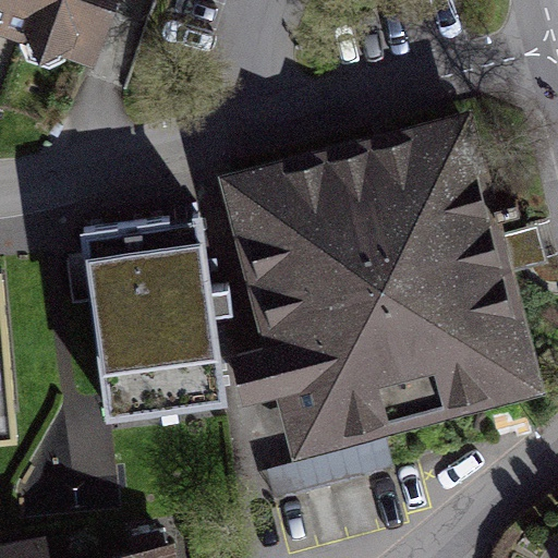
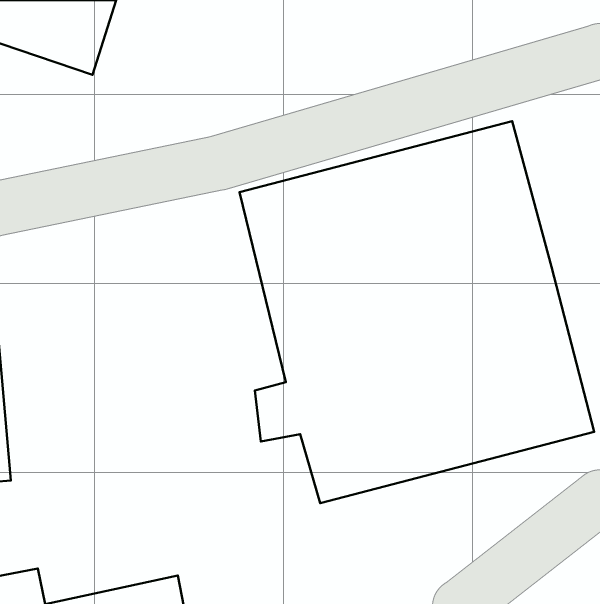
building: [73,220,226,426] -> none

